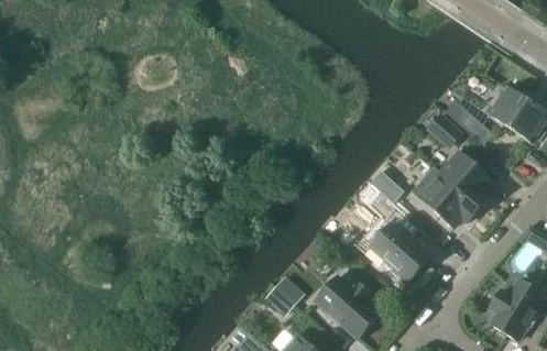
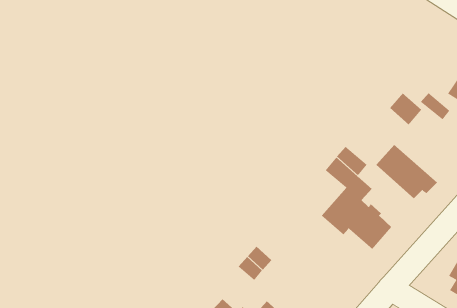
building: [433,151,493,209] -> none
building: [316,276,380,338] -> none

